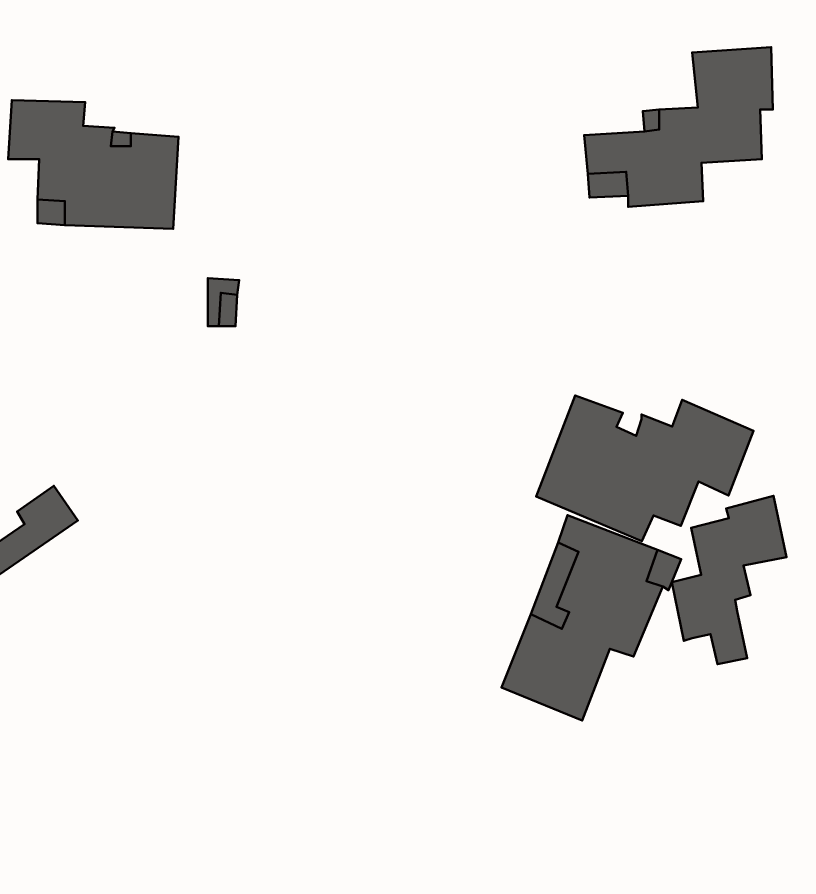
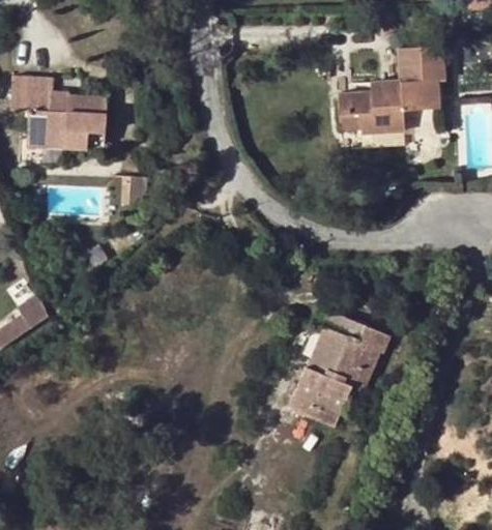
building: [536,395,753,541] -> none
building: [672,496,786,664] -> none

